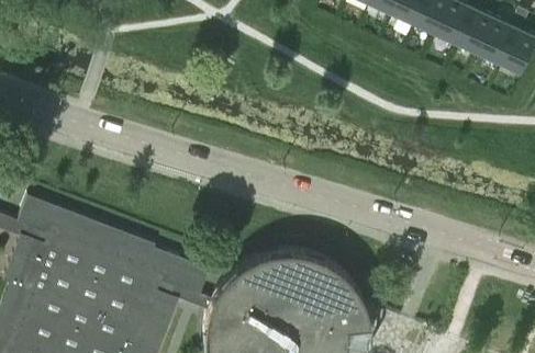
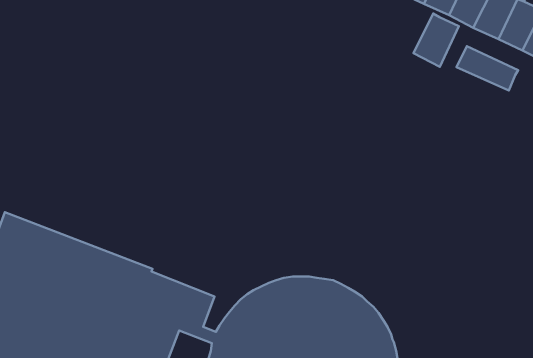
building: none -> [413,13,459,67]
building: none -> [456,46,518,91]

